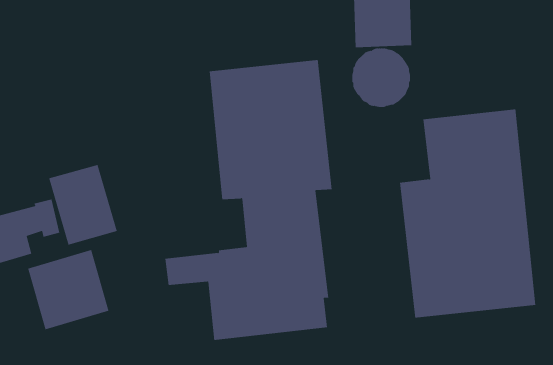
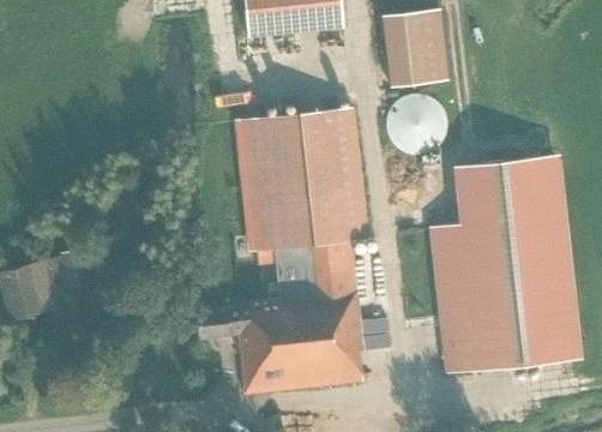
building: [49,164,117,245] -> none
building: [28,249,109,330] -> none

